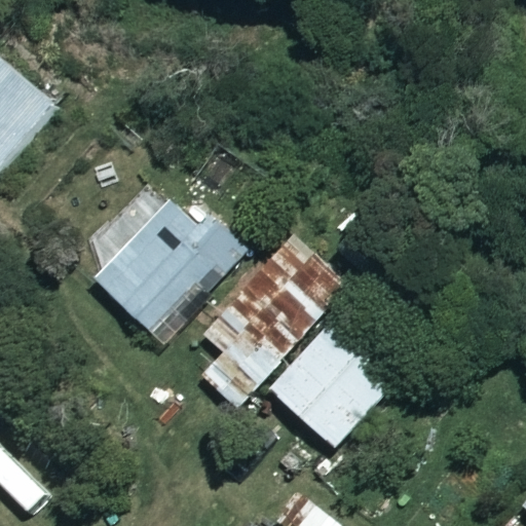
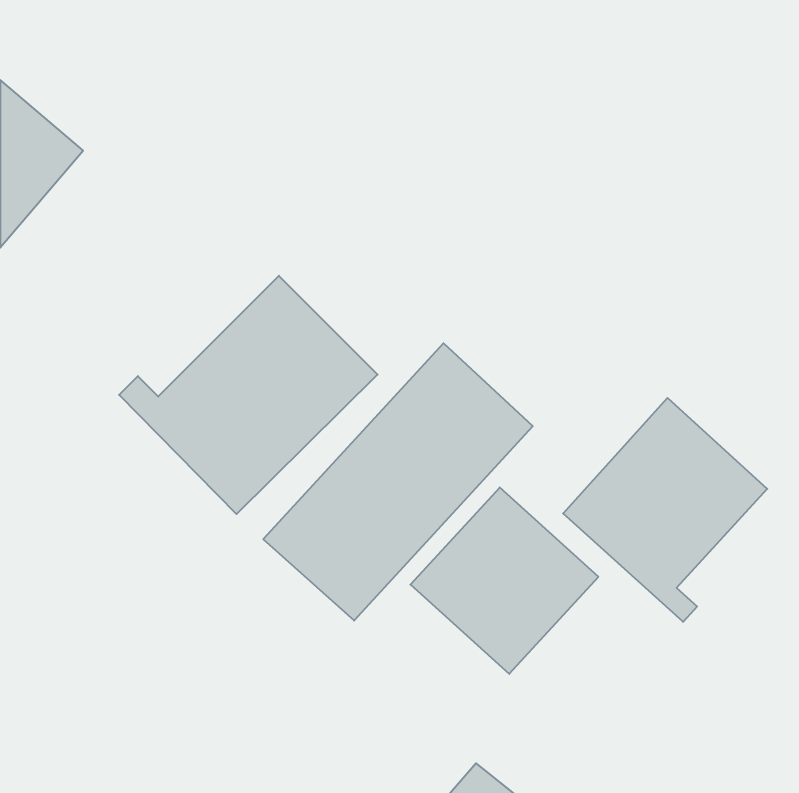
building: none -> [563,398,767,622]

